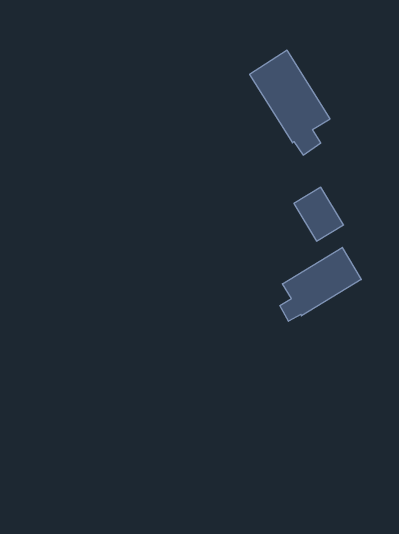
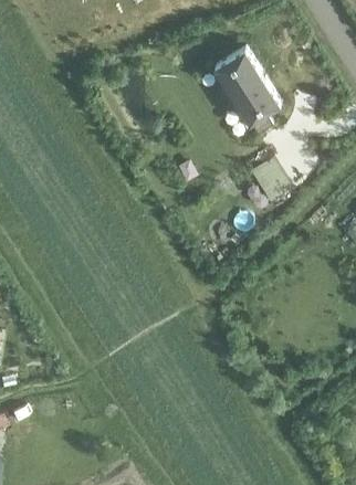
building: [280,247,361,321] -> none

